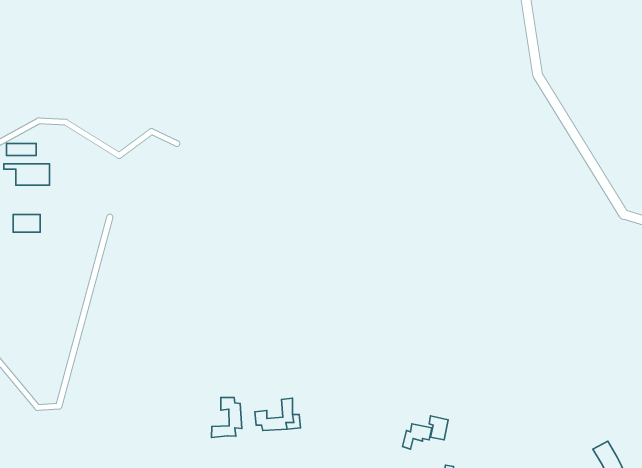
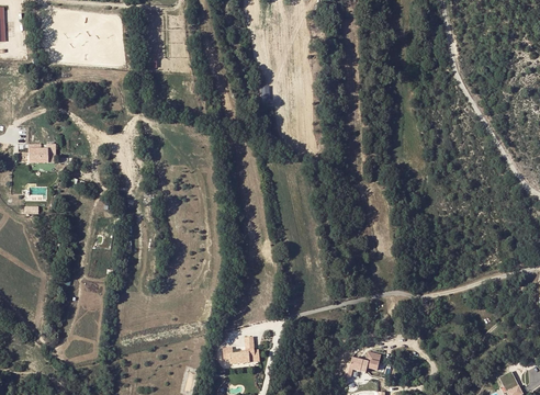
building: [212,397,242,438] -> none

